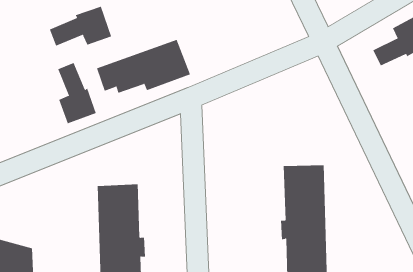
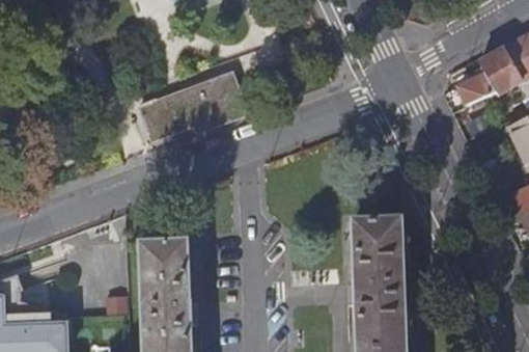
building: [49,6,112,46] -> none
building: [57,62,97,124] -> none

